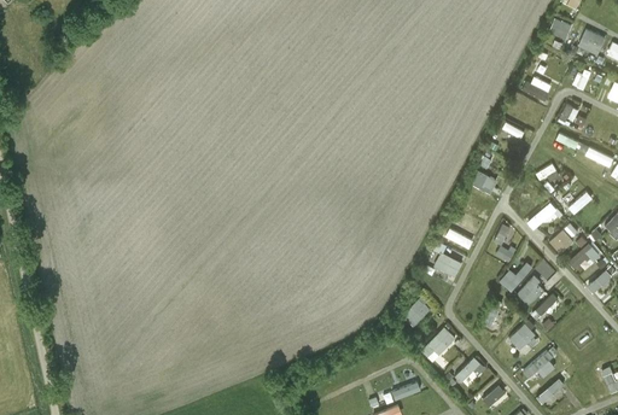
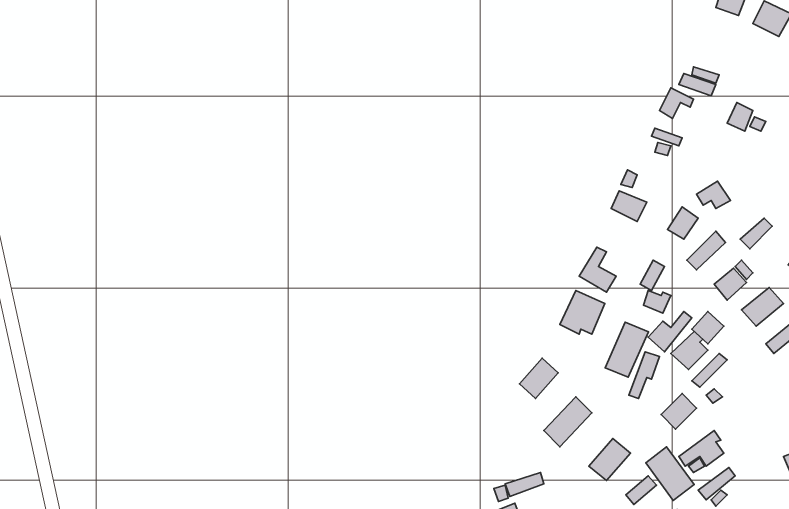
building: none -> [605,322,648,377]
building: none -> [646,447,694,500]

